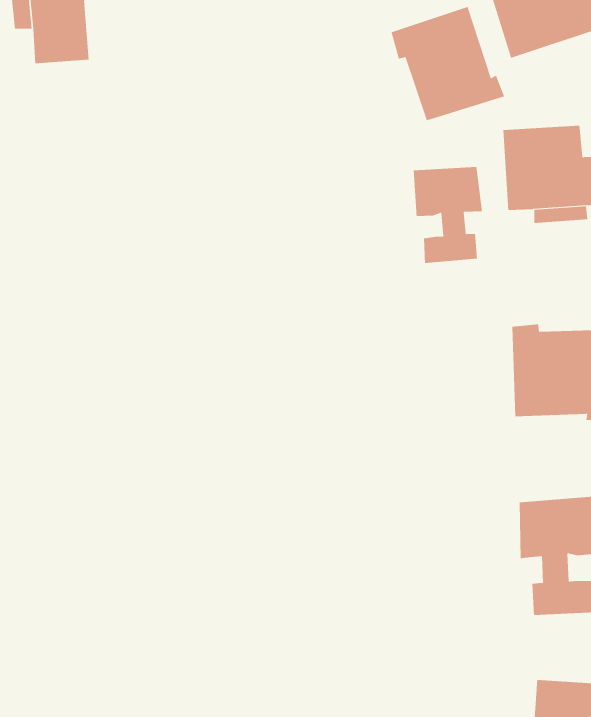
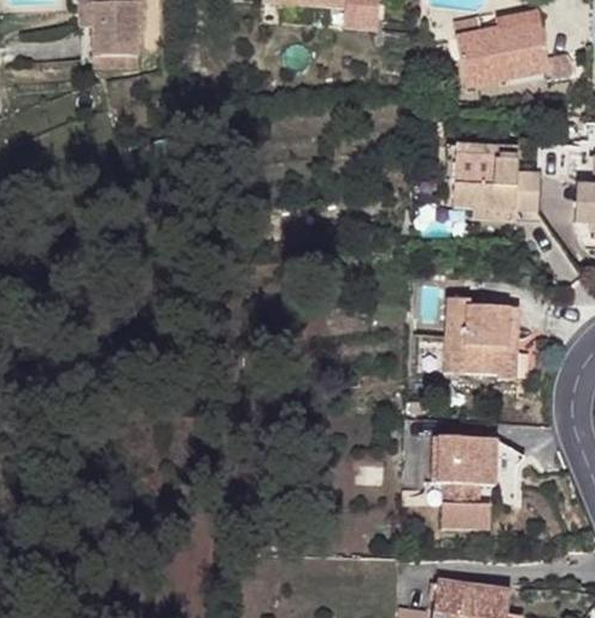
building: [391,6,505,121] -> none
building: [413,166,482,264] -> none

